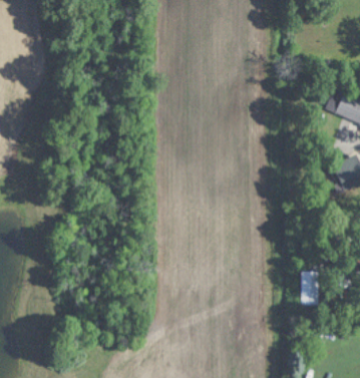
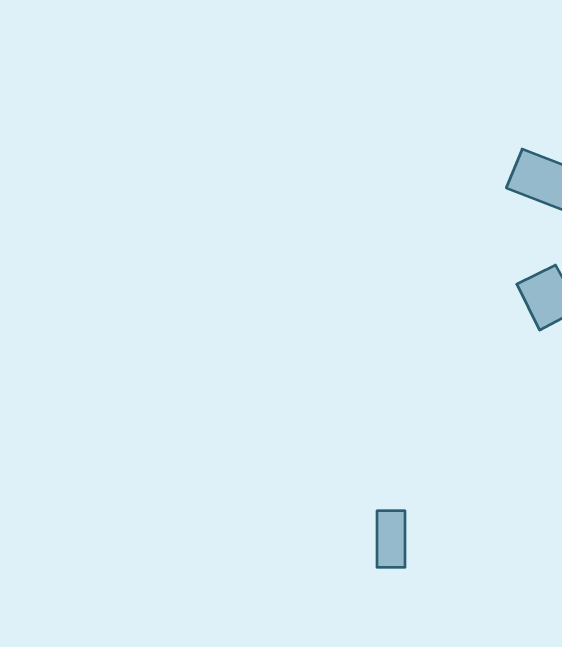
building: [301,270,317,302] -> [377,511,405,567]

